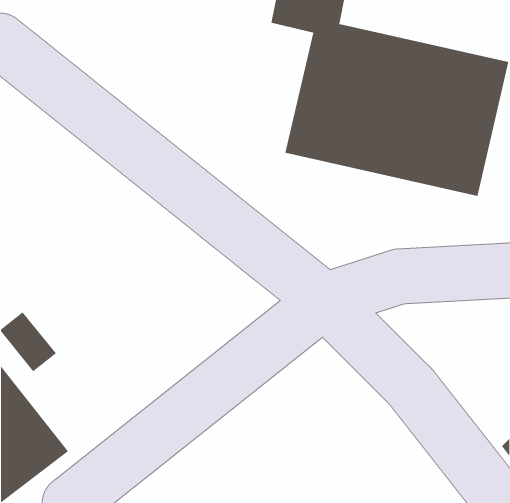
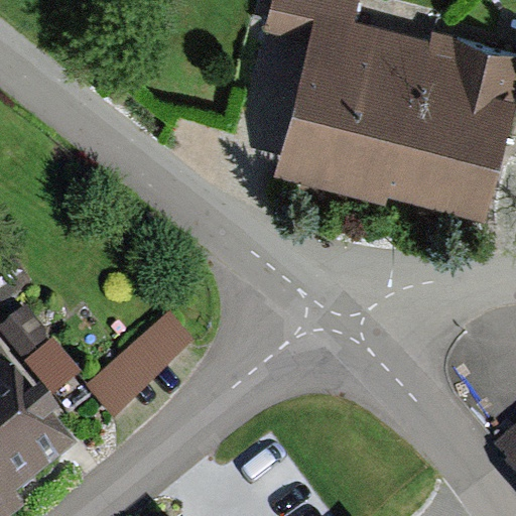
building: none -> [71,314,190,426]

